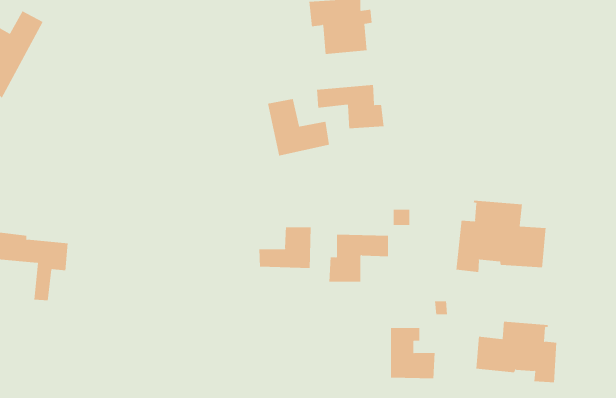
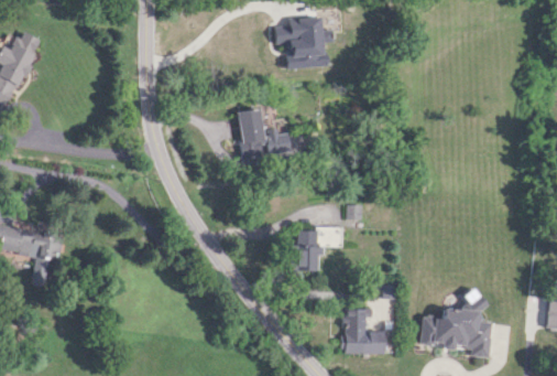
building: [317,84,384,129] -> none
building: [456,200,546,273] -> none
building: [259,227,311,269] -> none

